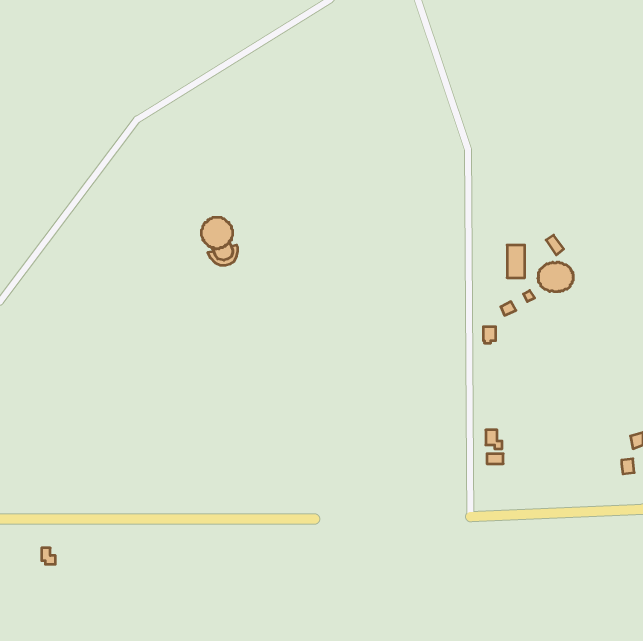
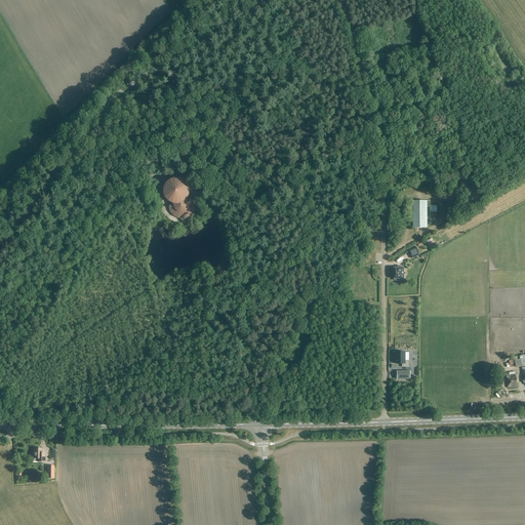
building: [538,262,573,292] -> none

